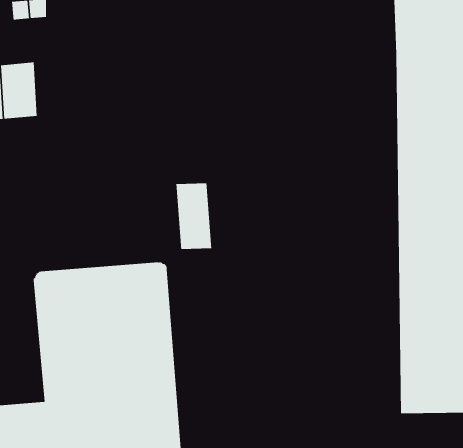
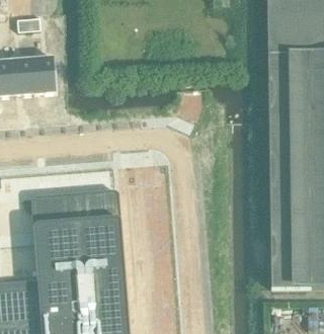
building: none -> [31,56,57,93]
building: [176,182,212,250] -> none

